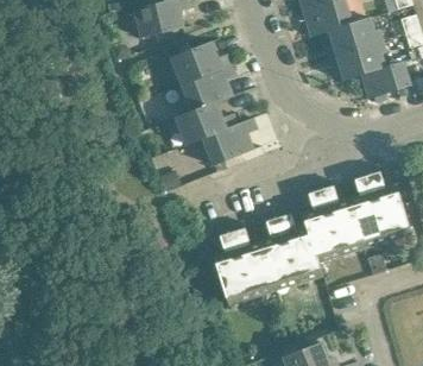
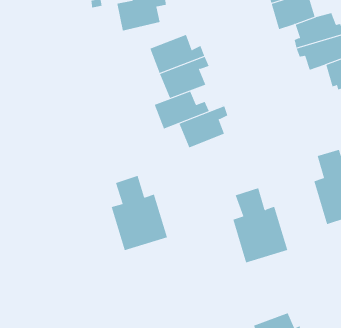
building: [303,179,364,274] -> none
building: [214,221,276,303] -> [111,175,168,251]

